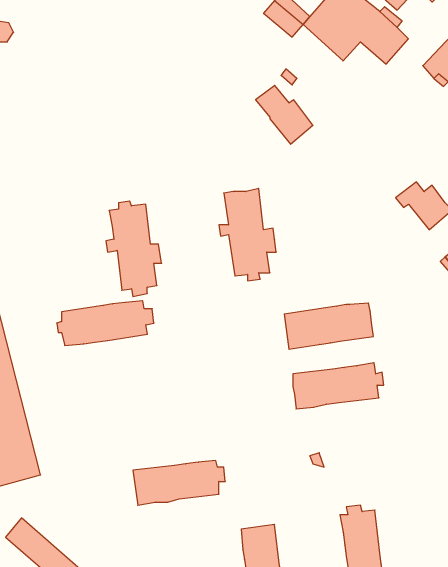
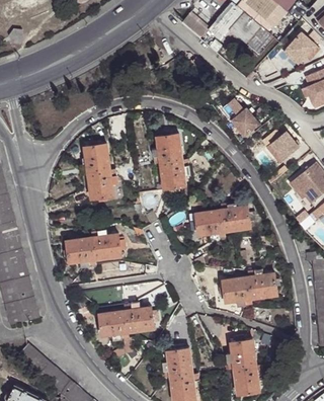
building: [256,85,313,144] -> [221,99,257,137]
building: [57,301,154,345] -> [63,234,125,262]
building: [293,363,384,409] -> [222,272,279,302]

